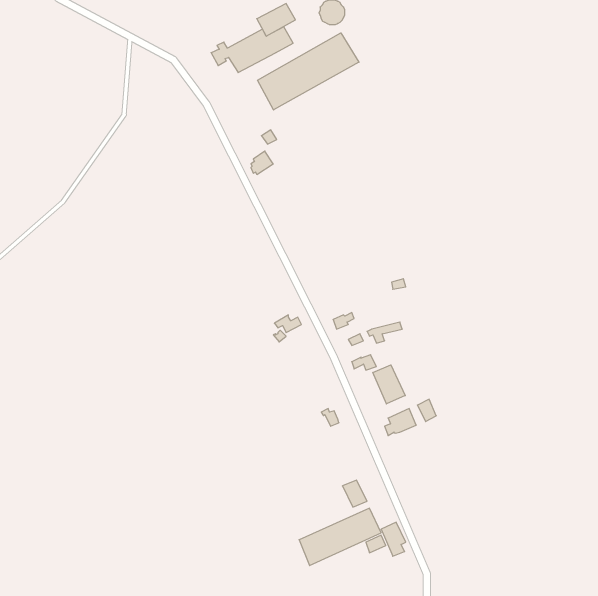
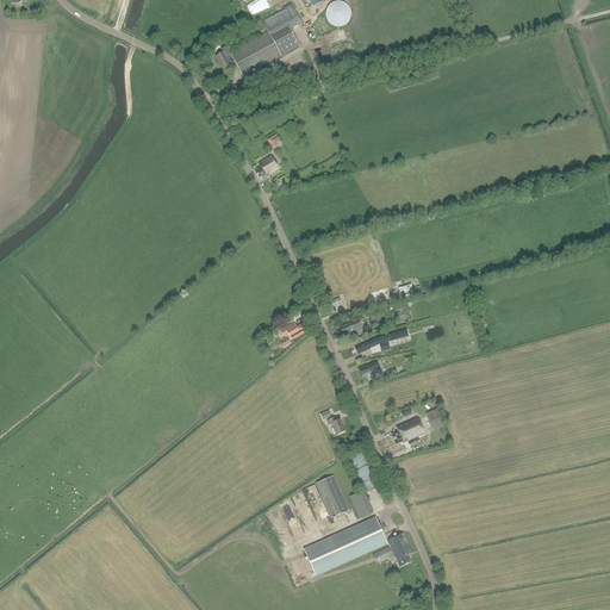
building: [258,33,359,110] -> none
building: [373,365,405,404] -> none
building: none -> [316,475,349,517]

